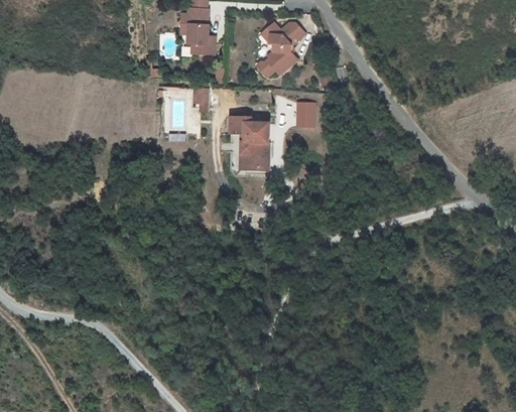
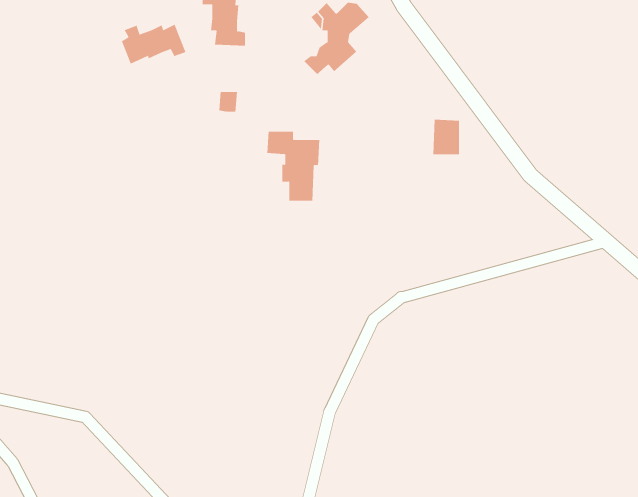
building: none -> [121,24,186,64]
building: [294,100,314,126] -> [432,119,460,155]

